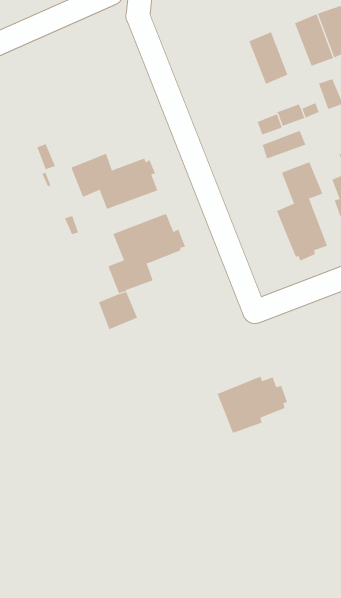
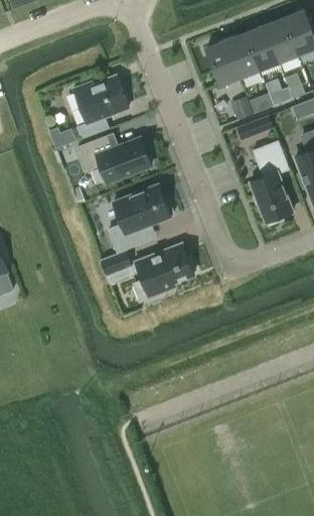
building: none -> [246,26,279,70]
building: none -> [206,41,241,86]
building: none -> [73,76,129,139]
building: [217,376,288,434] -> [136,248,195,296]

